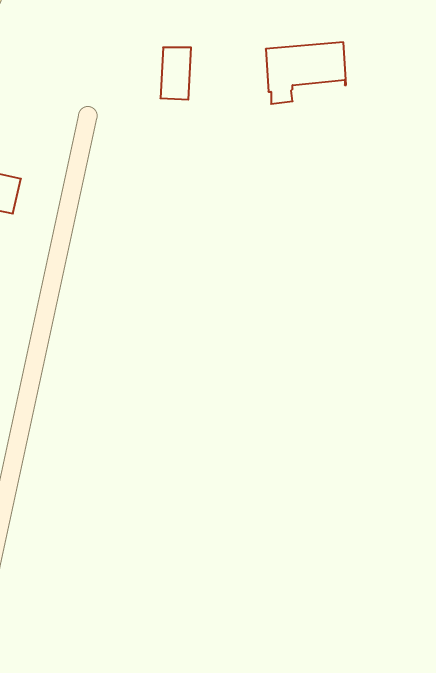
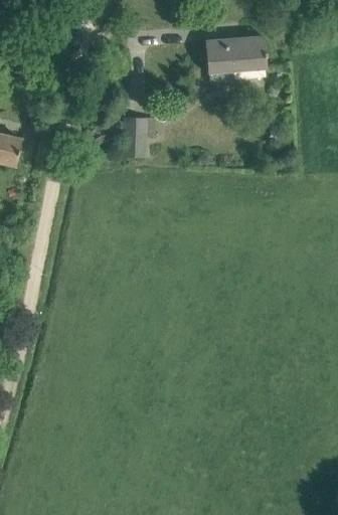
building: [160,47,191,100] -> [124,118,147,157]

